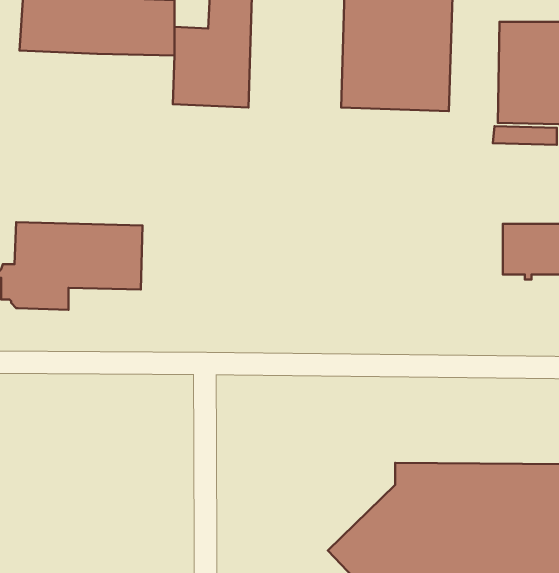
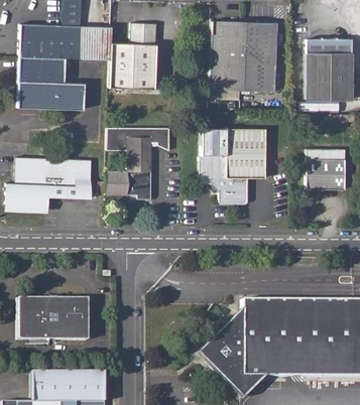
building: none -> [18,53,84,108]
building: none -> [199,125,264,201]
building: none -> [106,126,171,199]
building: none -> [19,298,90,342]

